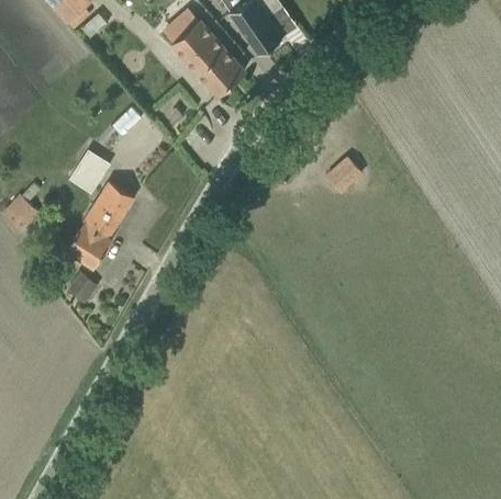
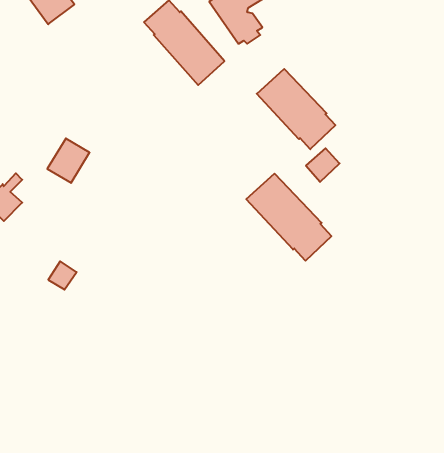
building: none -> [257,69,335,149]
building: [66,182,134,268] -> none
building: none -> [246,174,331,261]

